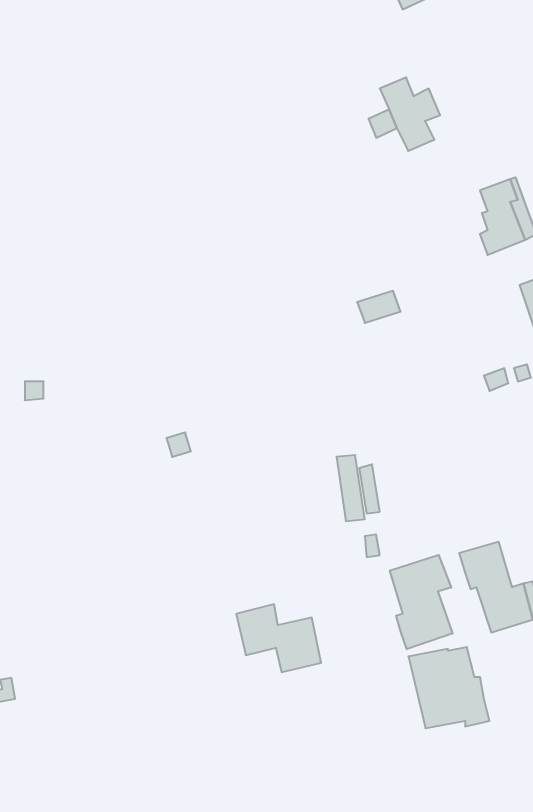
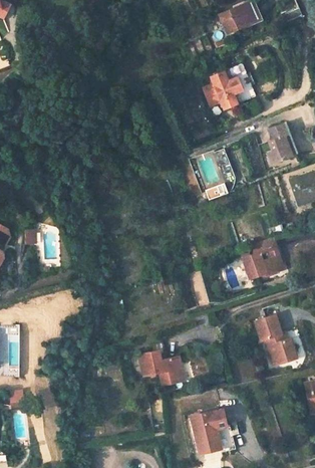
building: none -> [246,237,286,277]
building: [390,555,453,649] -> none
building: [408,647,490,728] -> [189,410,232,453]

